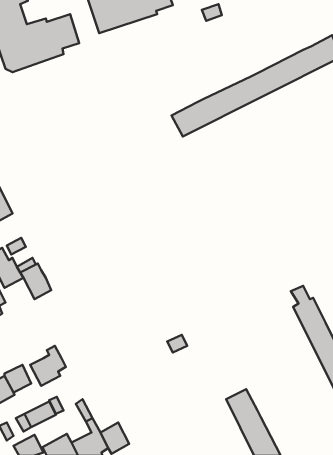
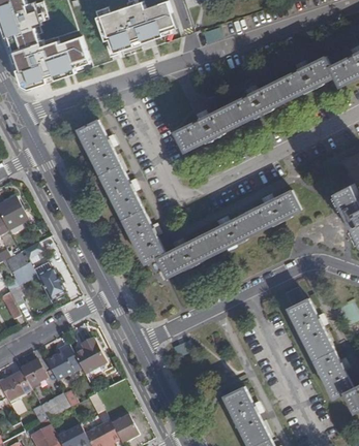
building: none -> [78,119,299,275]
building: none -> [72,339,103,374]

